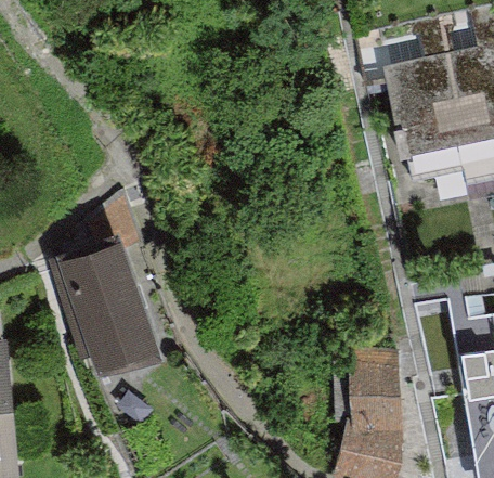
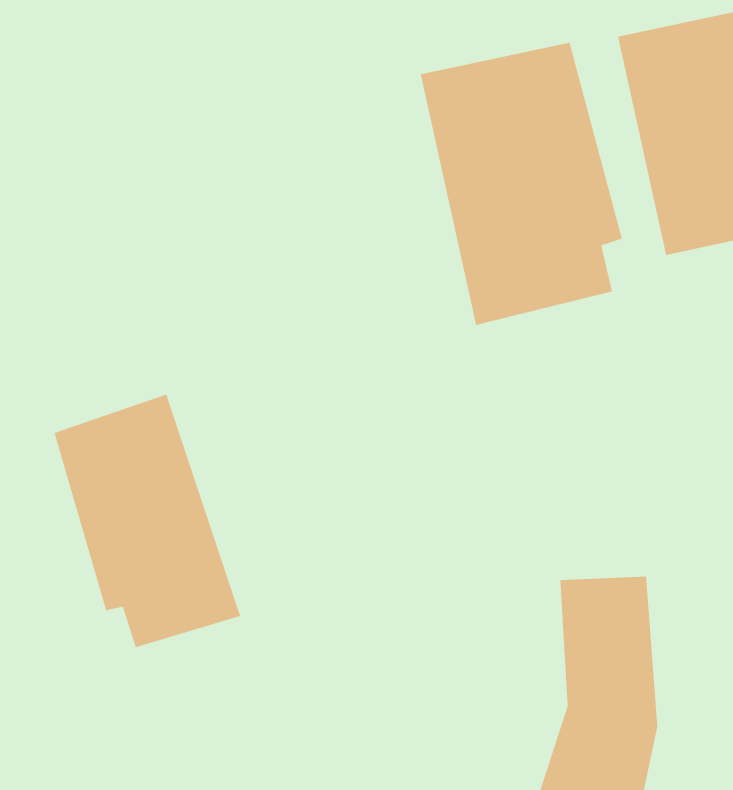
building: none -> [420,42,623,326]

